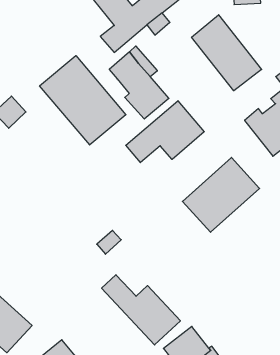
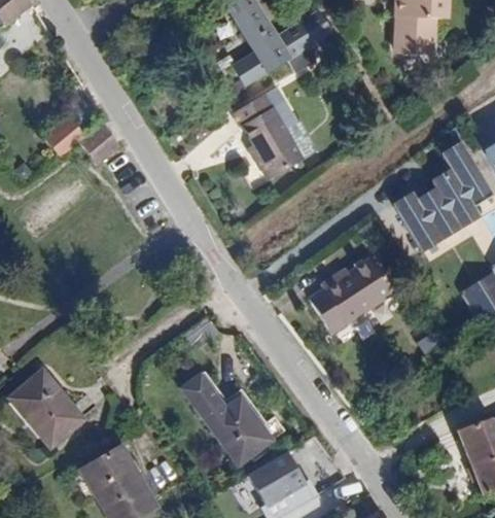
building: [192,15,262,91] -> none
building: [40,56,126,145] -> none
building: [126,101,204,163] -> none

